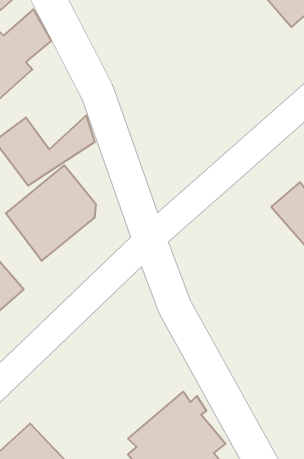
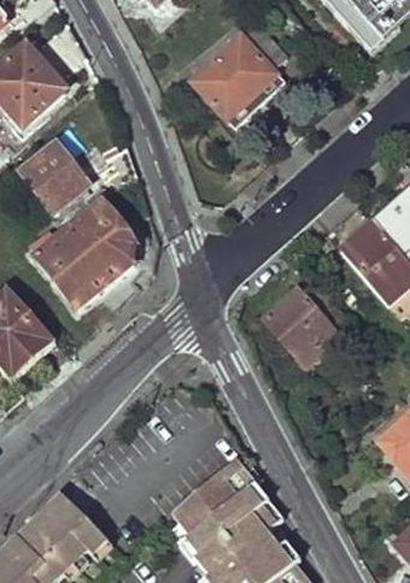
building: none -> [187,24,283,128]
building: none -> [265,293,350,365]

